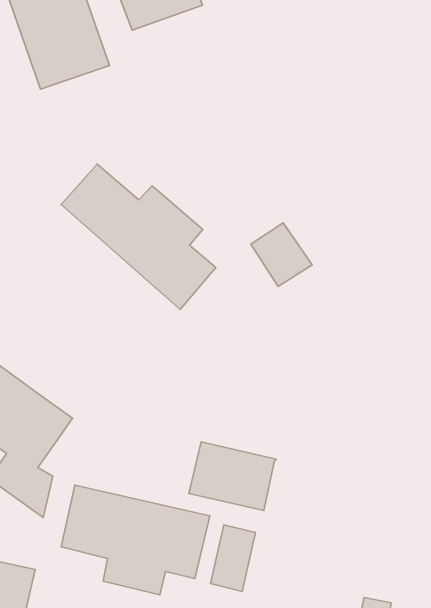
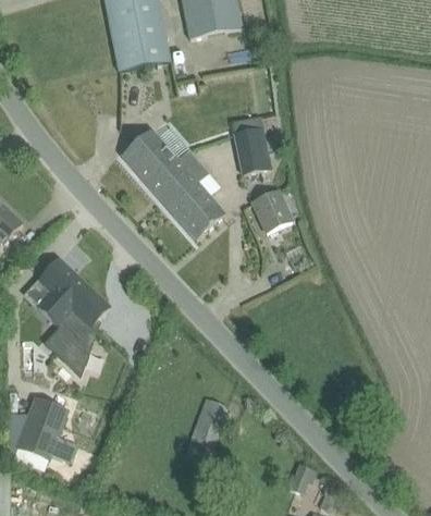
building: none -> [231,125,270,173]
building: [189,442,276,511] -> none
building: [61,485,210,595] -> none

